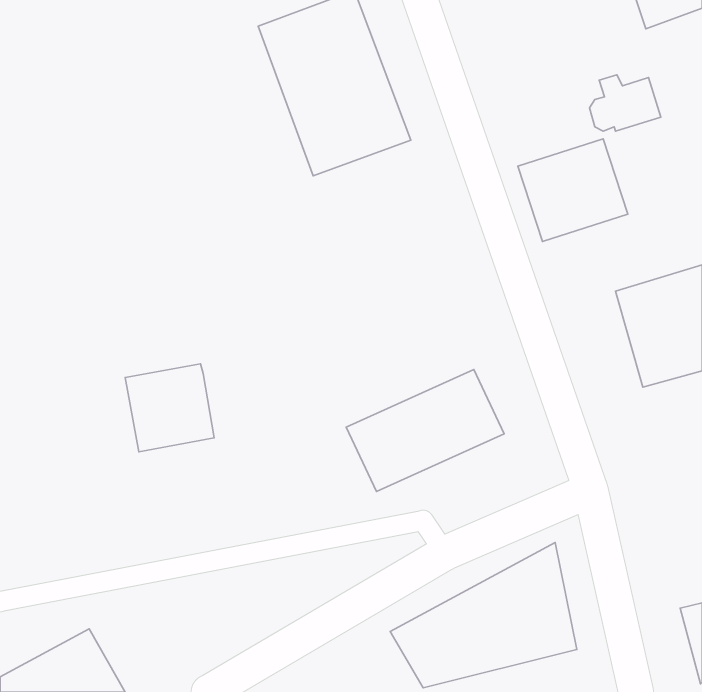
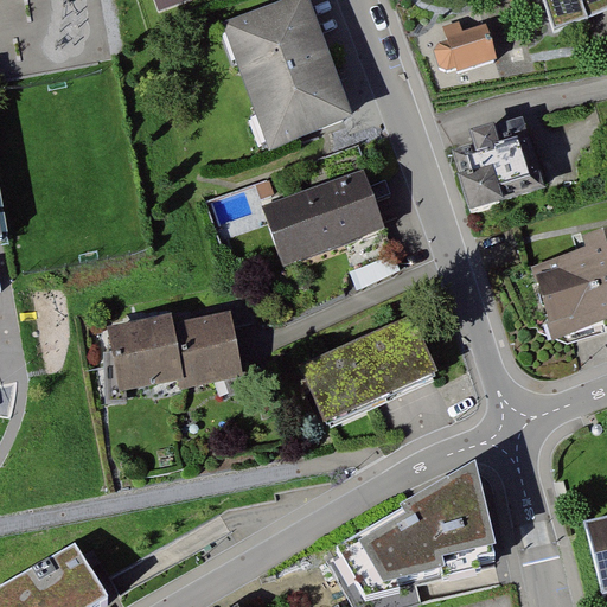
building: [589,75,661,131] -> [435,19,497,68]
building: none -> [262,165,385,266]
building: none -> [175,312,243,386]

